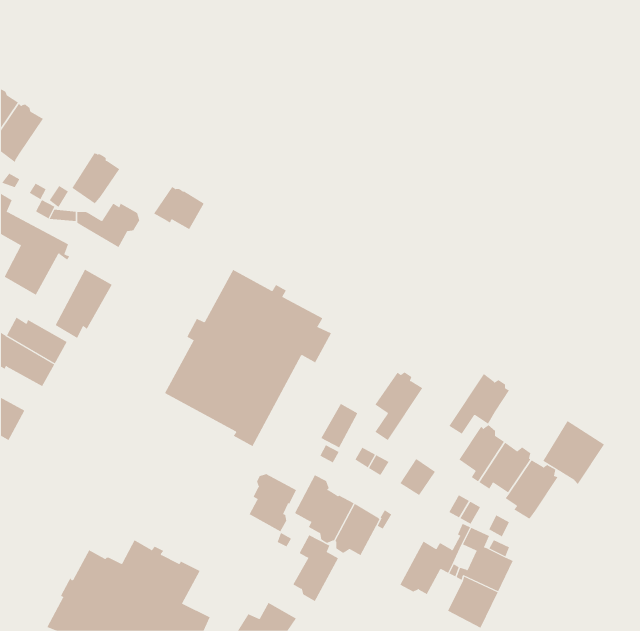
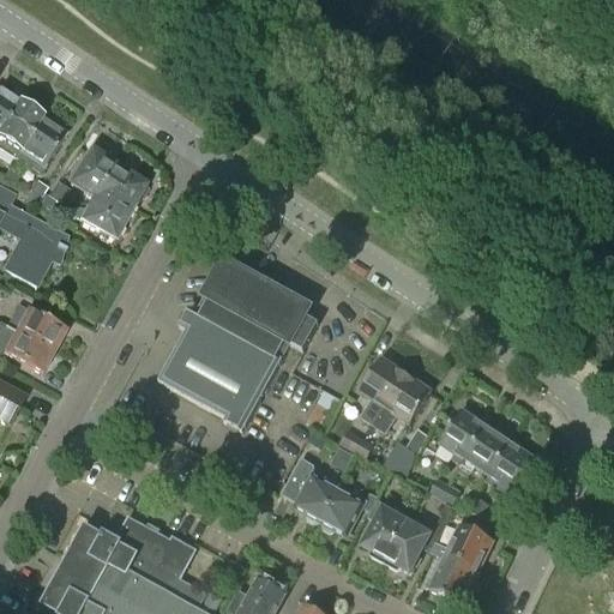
building: none -> [16,114,65,164]
building: [153,186,204,230] -> [97,162,146,204]
building: [55,269,112,339] -> none
building: [448,373,510,434] -> [372,372,431,431]
building: [542,420,605,485] -> none
building: [249,473,297,532] -> none
building: [293,534,339,602] -> [361,495,405,560]

